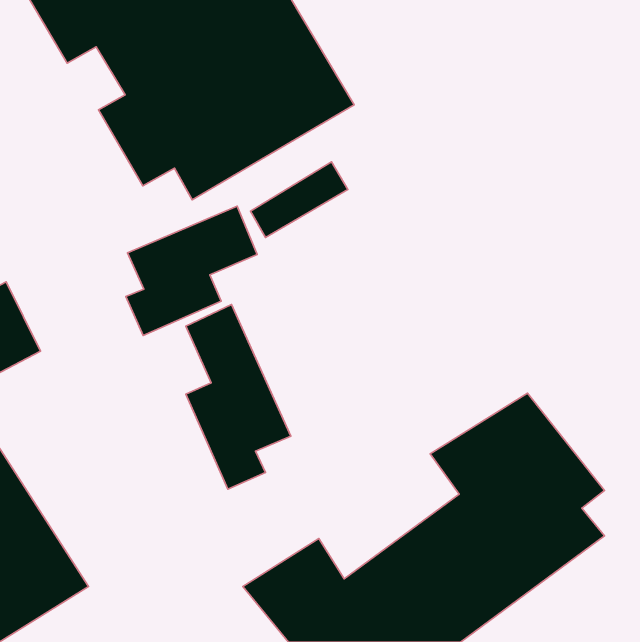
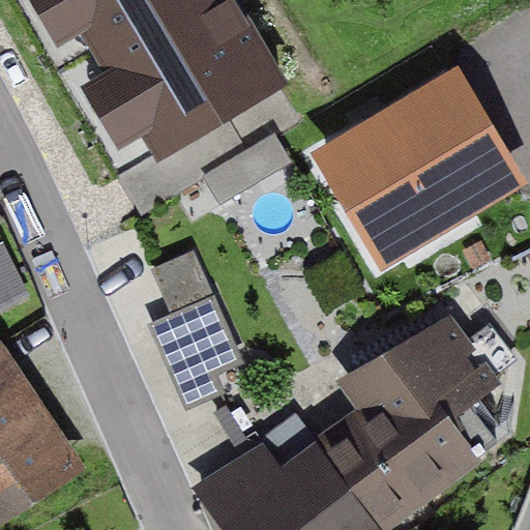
building: none -> [324,78,509,251]
building: [126,206,257,335] -> none

